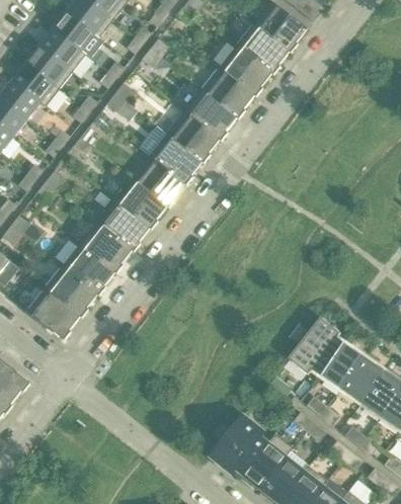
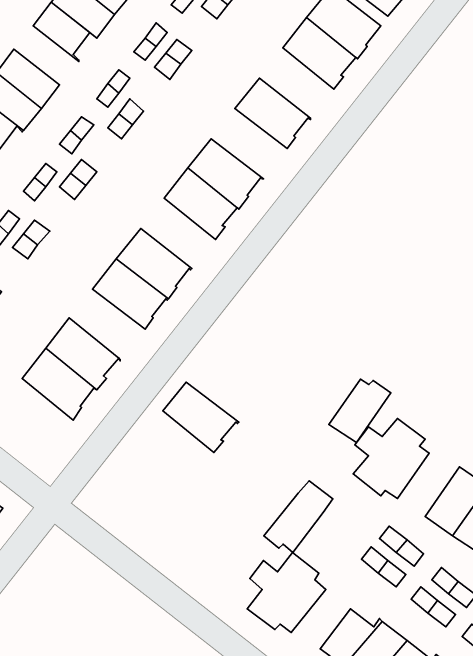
building: [37,28,85,72] -> none
building: [218,45,272,96] -> none
building: [182,89,238,141] -> none
building: [131,155,185,206] -> none
building: [78,222,134,273] -> [163,382,239,452]
building: [31,287,81,340] -> none
building: [319,342,365,389] -> [329,379,391,443]
building: [241,433,292,486] -> [264,481,333,552]

